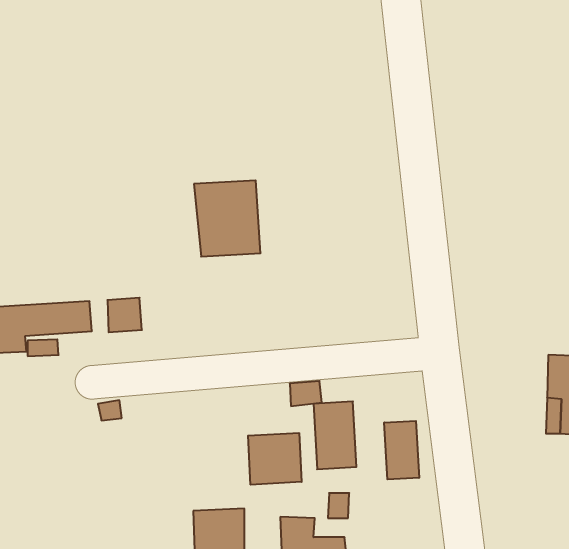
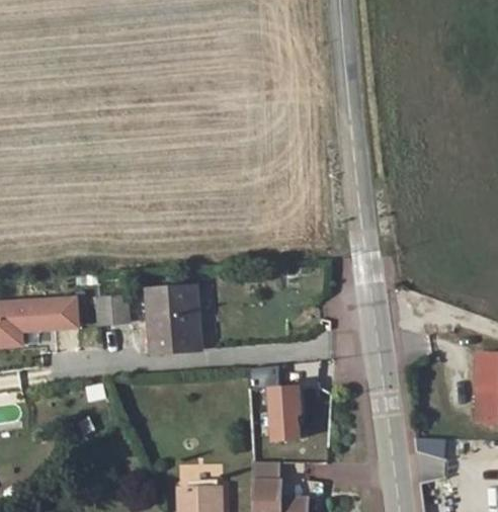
building: [194,180,261,257] -> [144,287,200,352]
building: [384,421,419,479] -> none
building: [248,433,302,485] -> none

